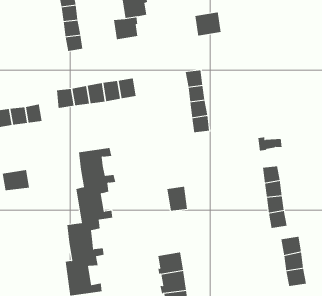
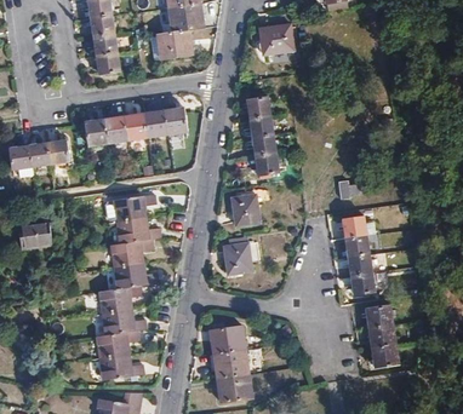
building: none -> [232,194,259,225]

